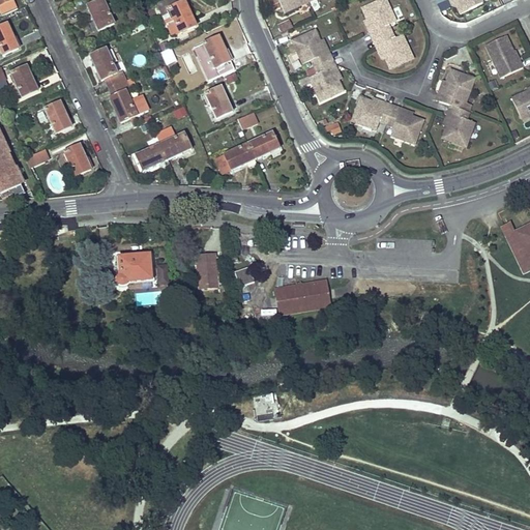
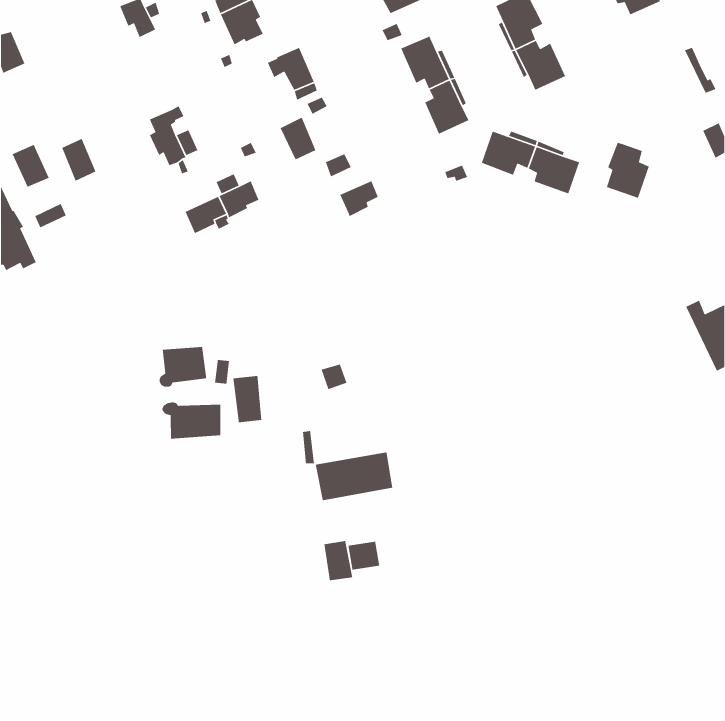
building: [485,36,514,76] -> none
building: [89,47,125,87] -> none
building: [10,64,38,96] -> [11,144,50,188]
building: [436,67,474,105] -> none
building: [224,142,254,169] -> none
building: [63,144,90,175] -> none
building: [195,252,216,287] -> [232,375,262,423]
building: [273,277,330,314] -> [315,451,393,501]
building: none -> [162,402,221,439]
building: none -> [323,540,353,581]

